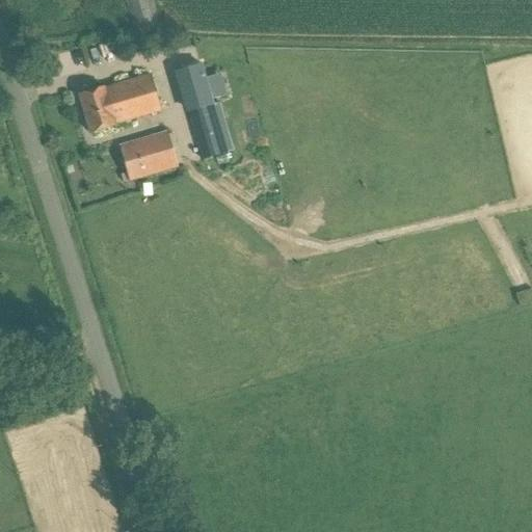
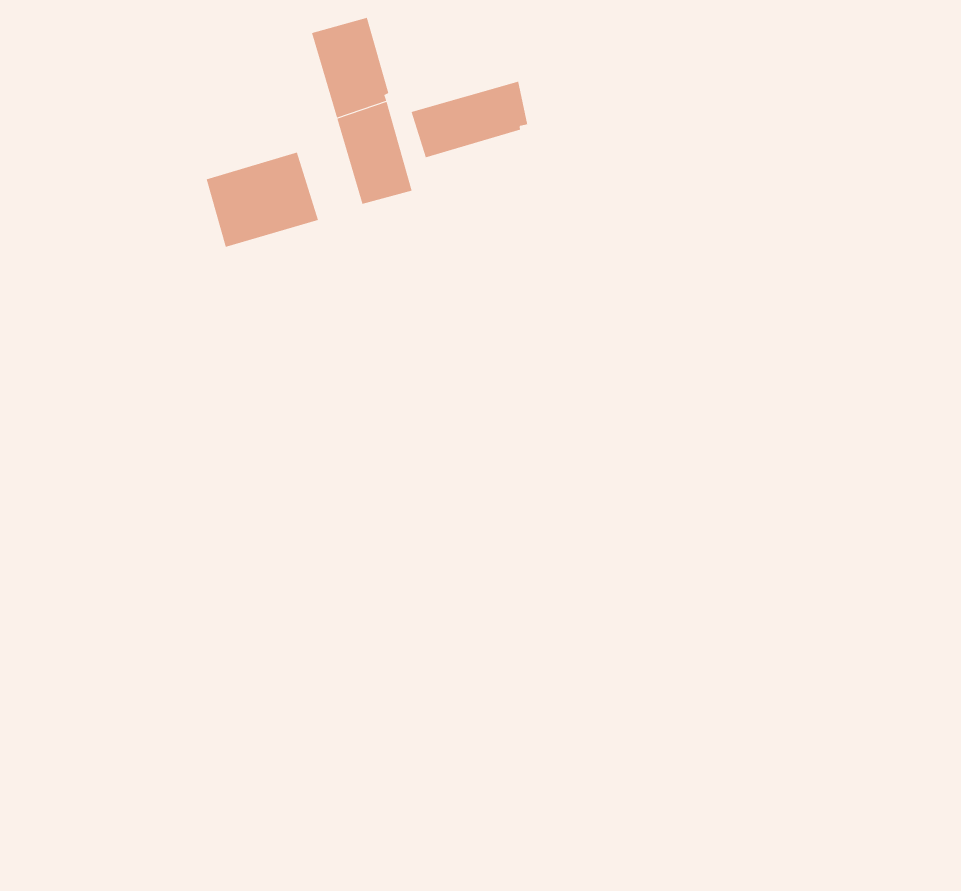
building: [80,74,161,131] -> none
building: none -> [411,81,528,158]

